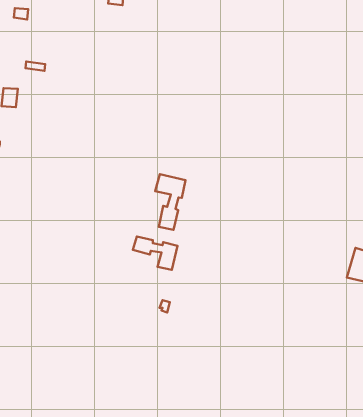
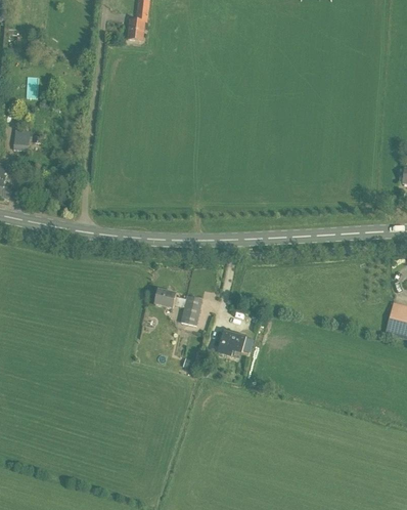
building: [155,174,186,230] -> none
building: none -> [219,330,246,352]

